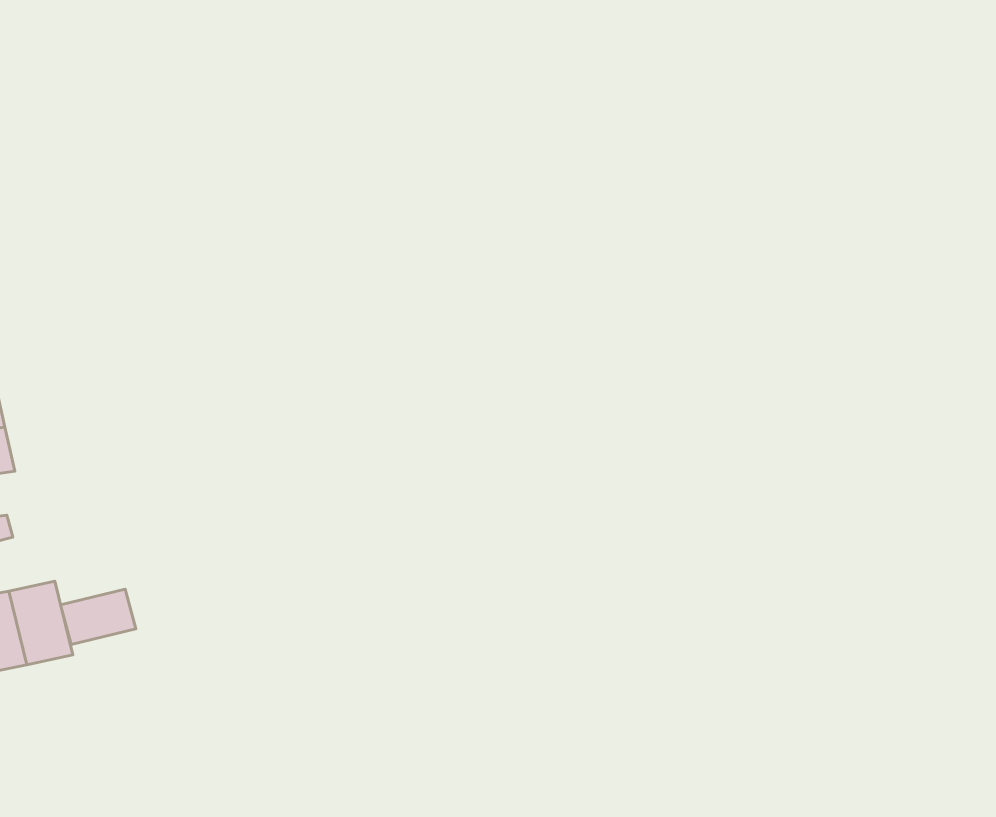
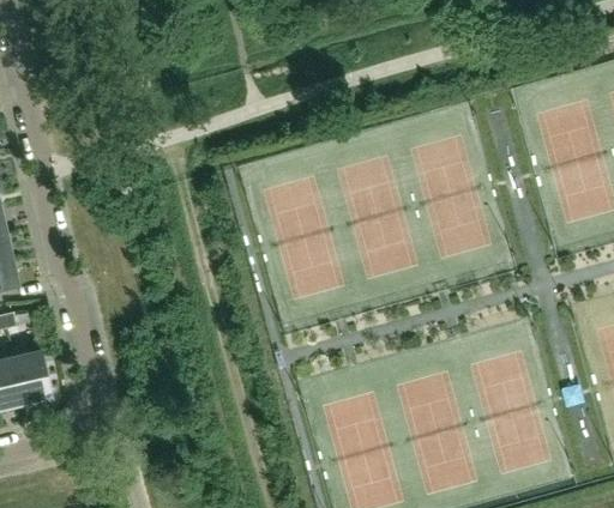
building: [61,589,136,644] -> none

